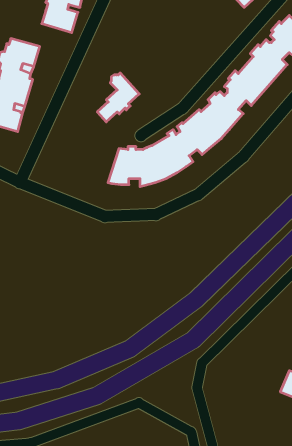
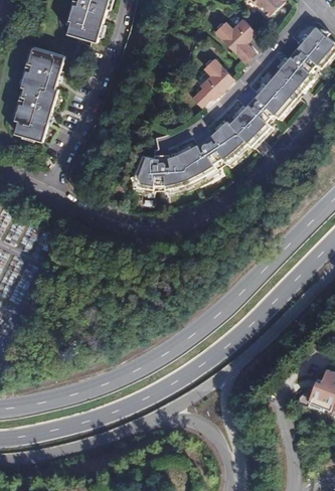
building: none -> [217,18,258,61]
building: [97,73,139,122] -> [192,56,234,106]

